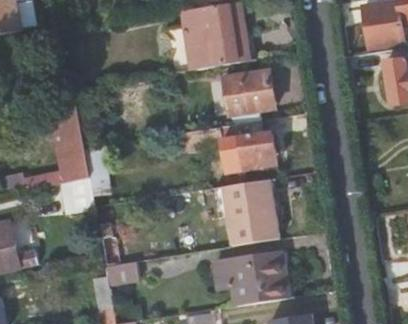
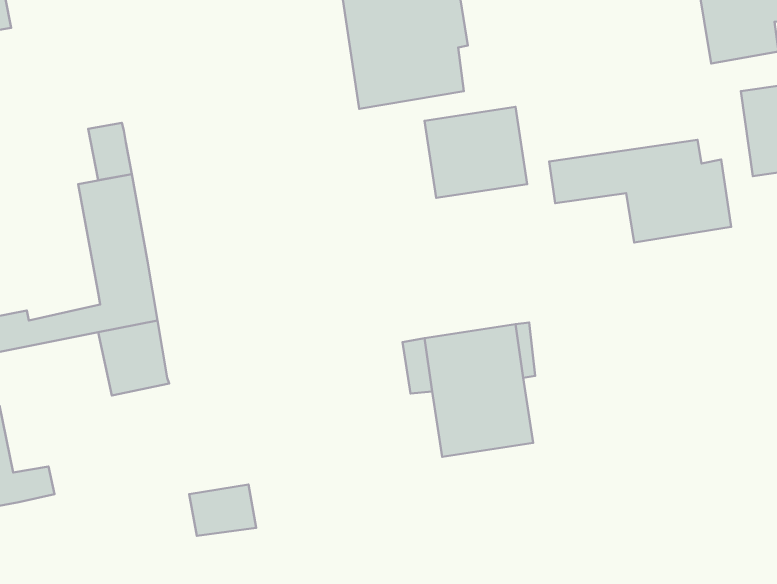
building: [185,120,277,172] -> [549,140,731,243]
building: [214,251,292,306] -> none

